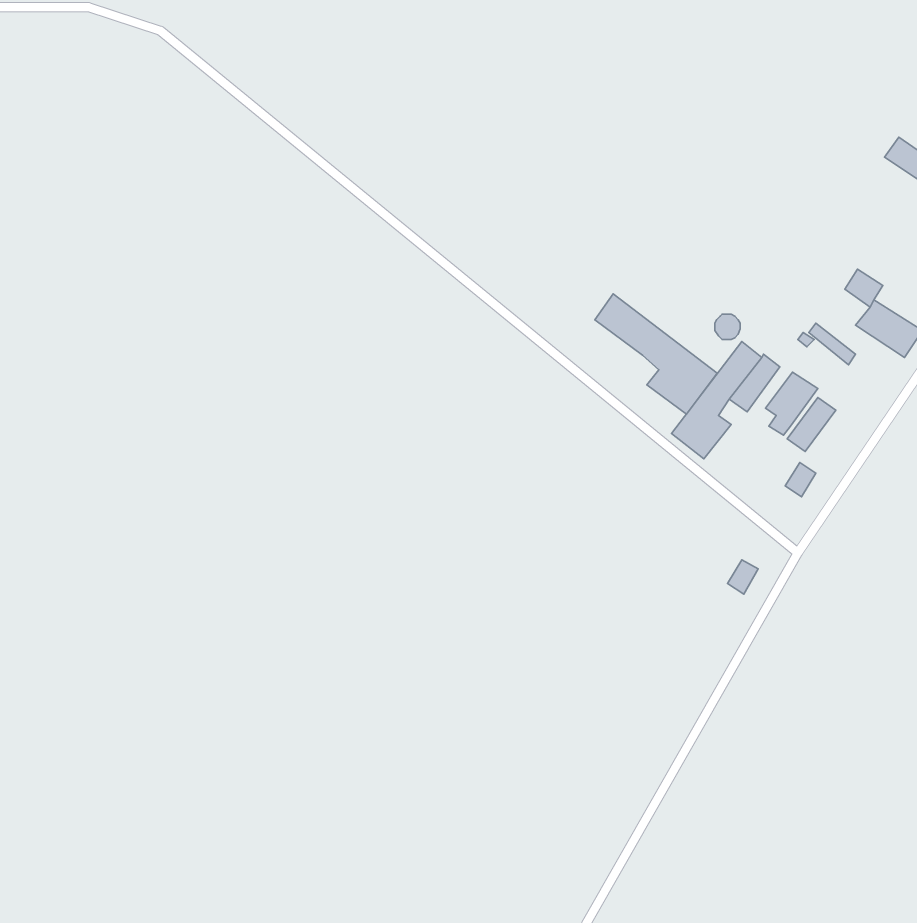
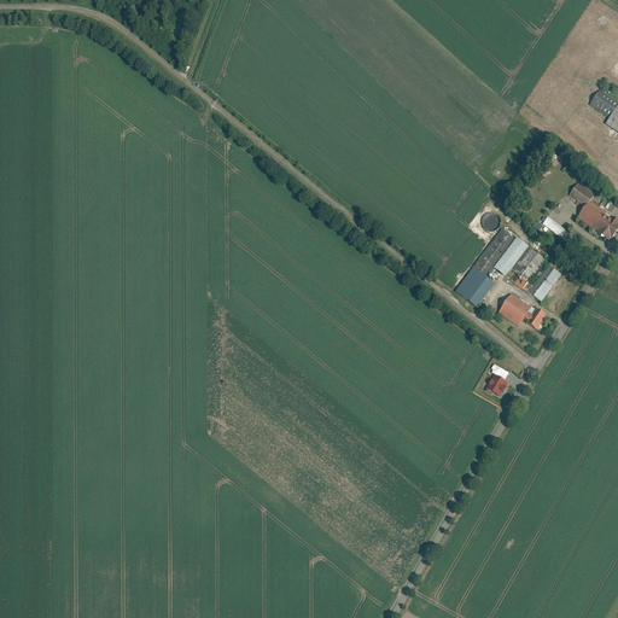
building: [595,294,717,414] -> none
building: none -> [501,295,534,327]

